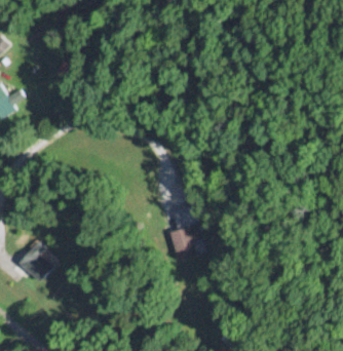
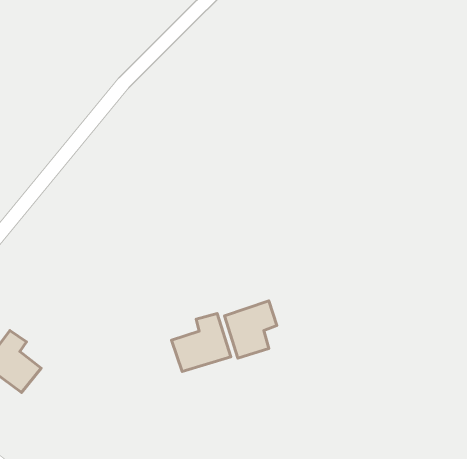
building: none -> [171,314,231,371]

